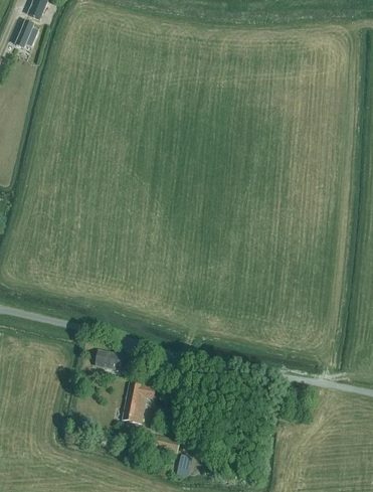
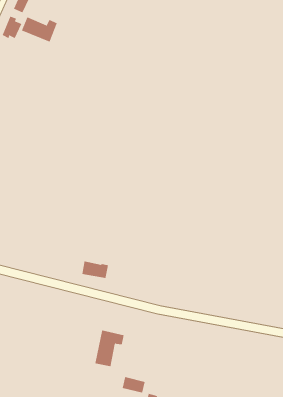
building: none -> [21,17,57,43]
building: [95,349,126,369] -> [81,261,109,278]

